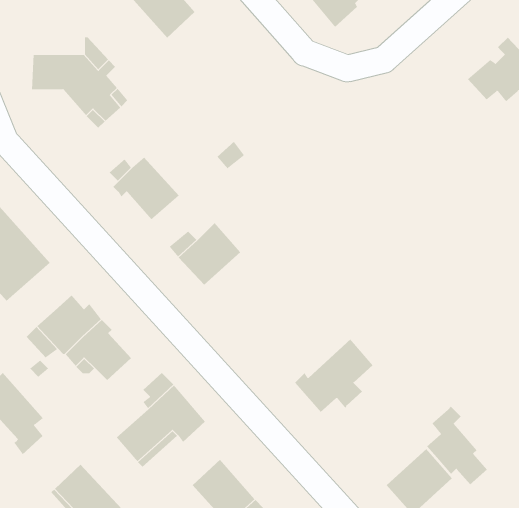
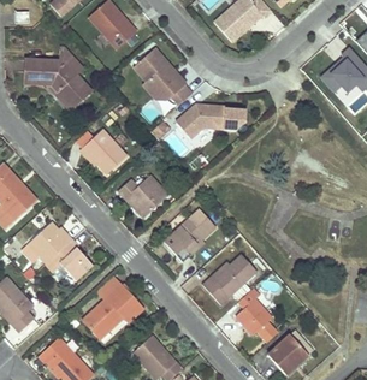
building: none -> [132,48,191,105]
building: none -> [176,103,247,138]
building: none -> [165,209,215,262]
building: [426,406,488,485] -> [236,287,278,342]

